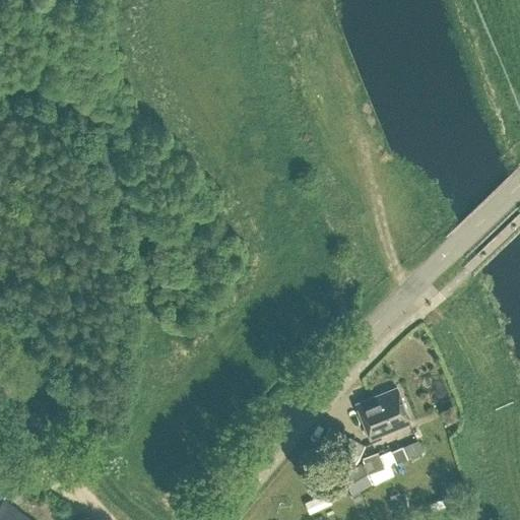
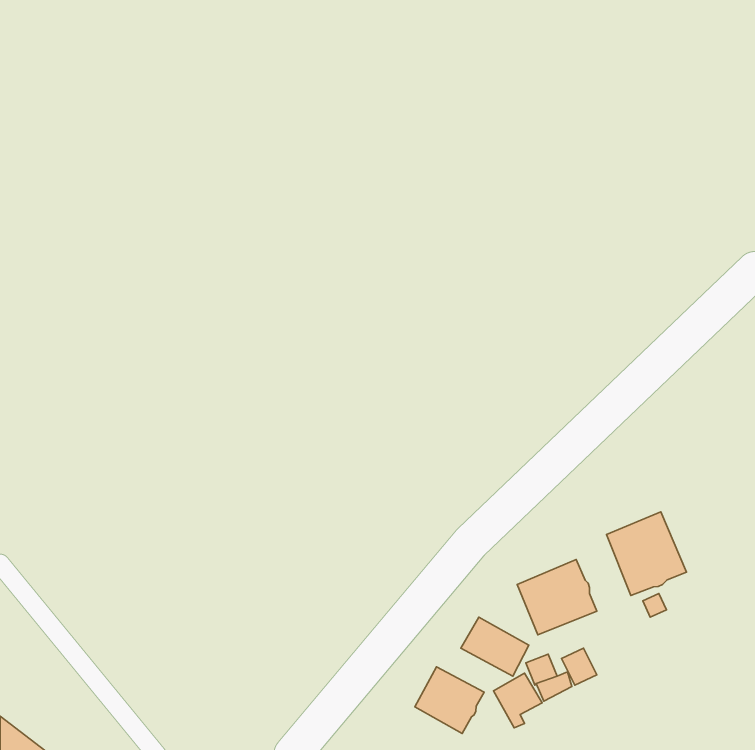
building: none -> [607,512,686,596]
building: none -> [415,667,484,733]

